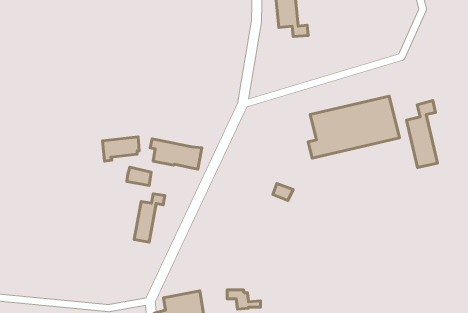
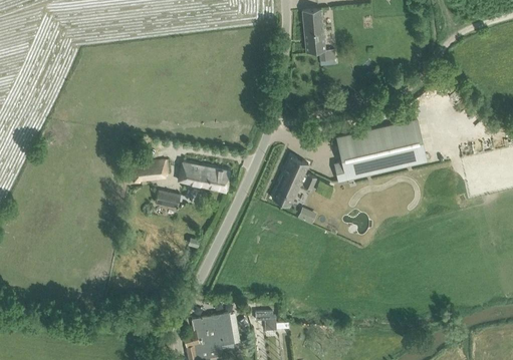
building: [407,101,437,168] -> none
building: none -> [271,155,316,207]
building: [134,194,165,242] -> none

